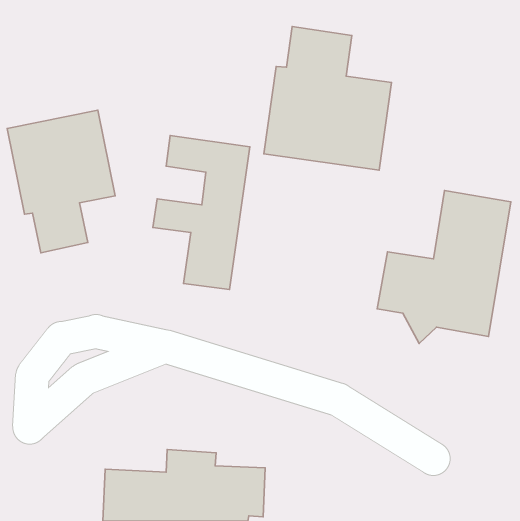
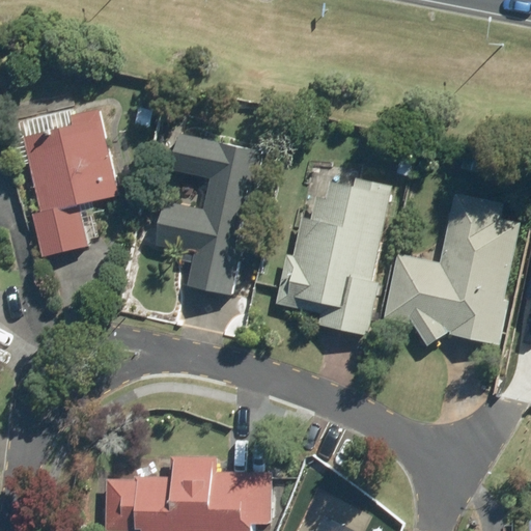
building: [264,27,391,170] -> none
building: none -> [277,179,391,335]

